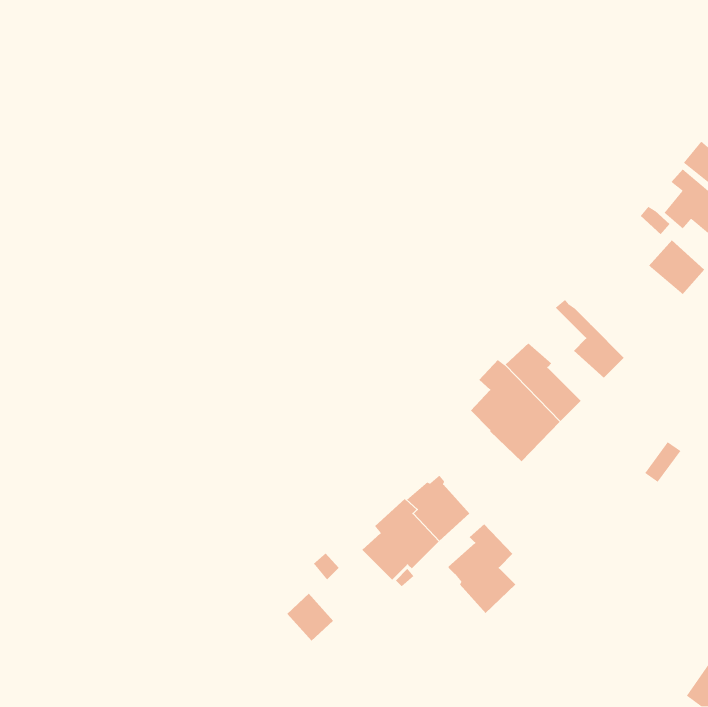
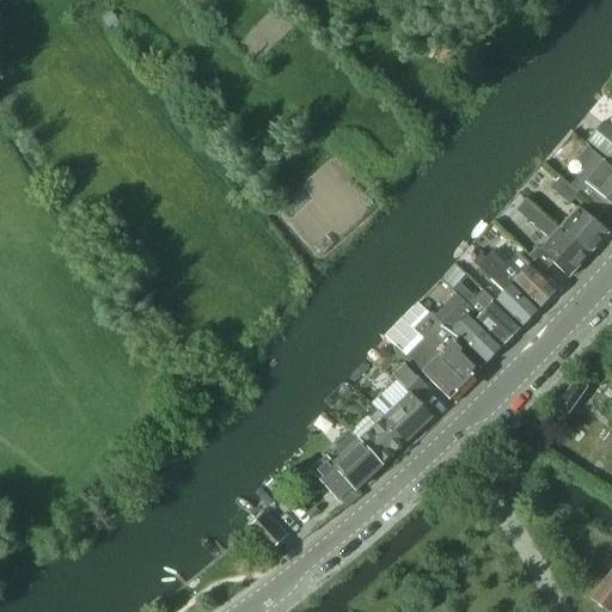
building: none -> [514,198,589,275]
building: none -> [488,247,558,307]
building: none -> [453,280,521,344]
building: [448,523,516,614] -> [374,363,433,441]

